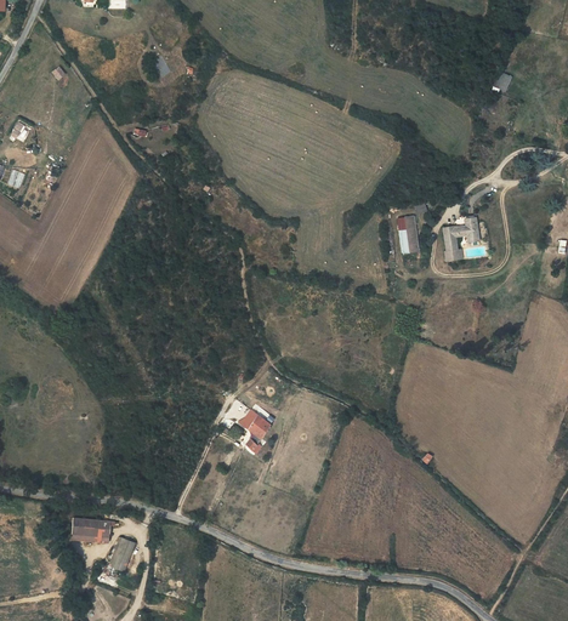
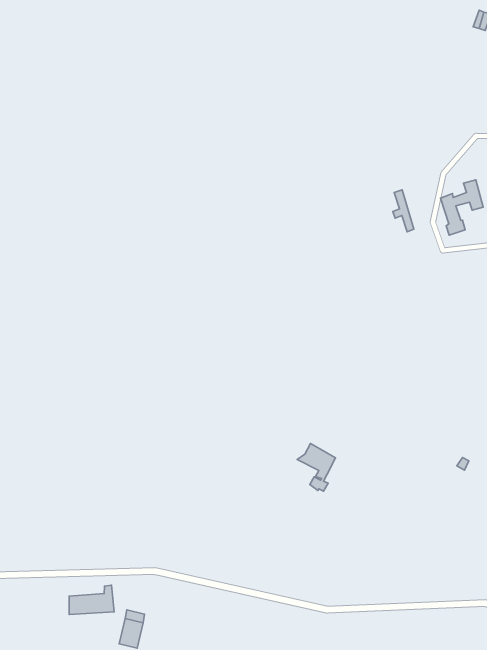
building: [238,410,271,452] -> [297,443,335,491]

